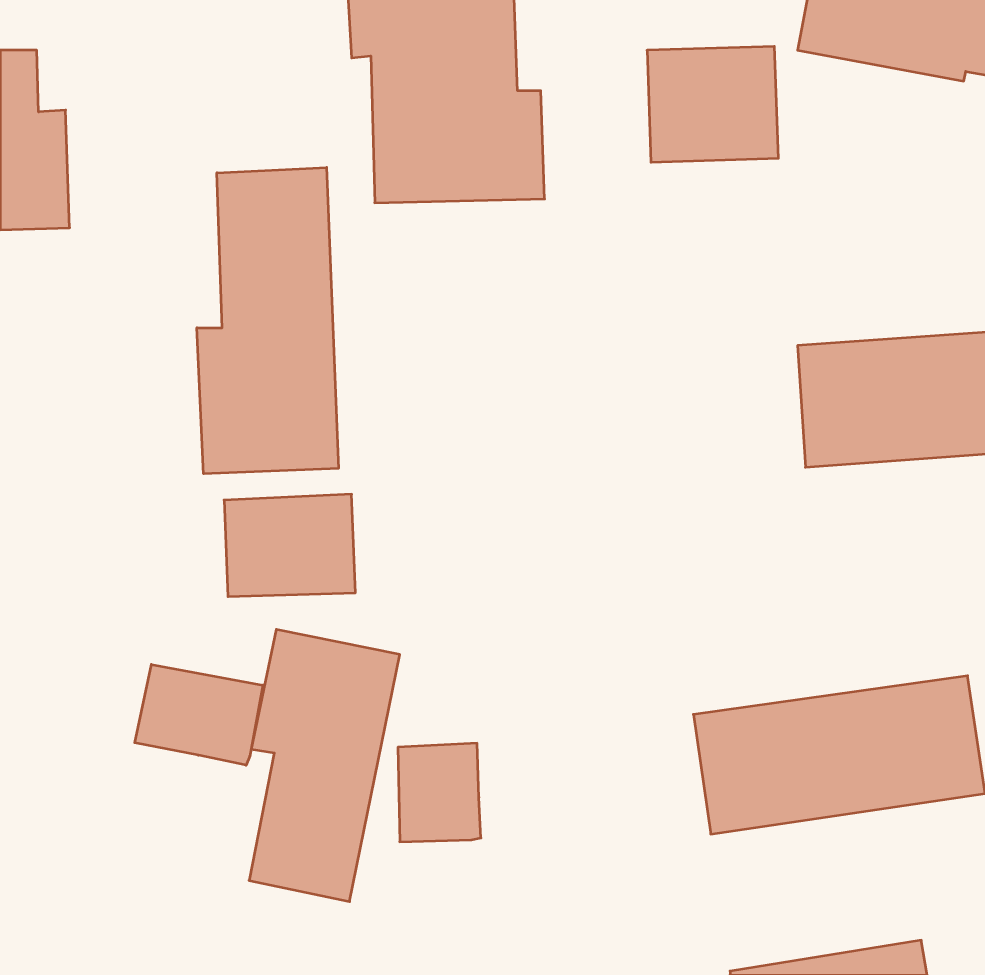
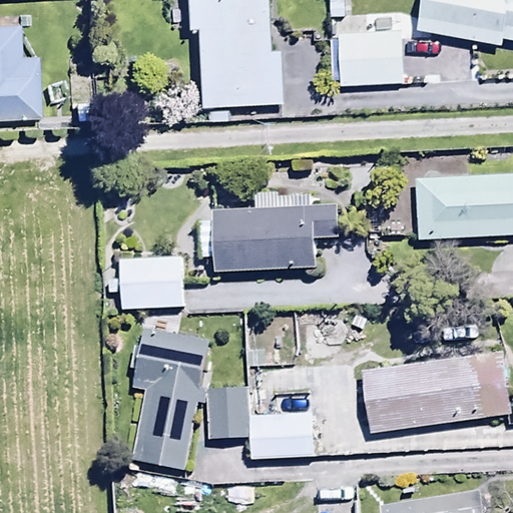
building: [197,167,338,474] -> none
building: none -> [211,189,340,273]
building: [135,664,263,765] -> none
building: none -> [249,411,314,459]

